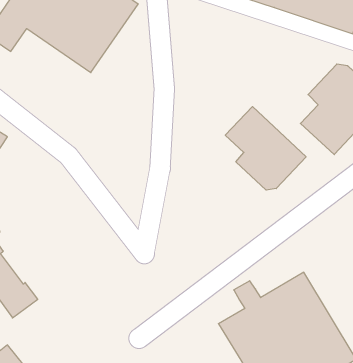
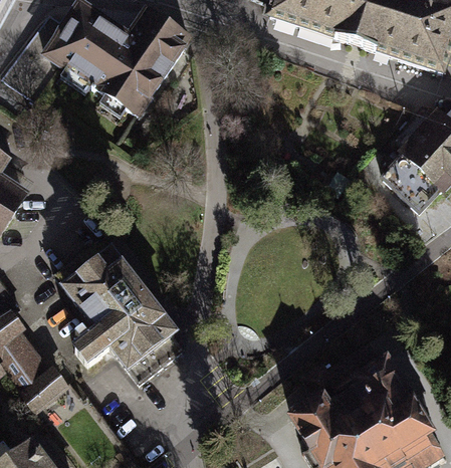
building: [225,107,306,190] -> none
building: none -> [54,238,186,385]

